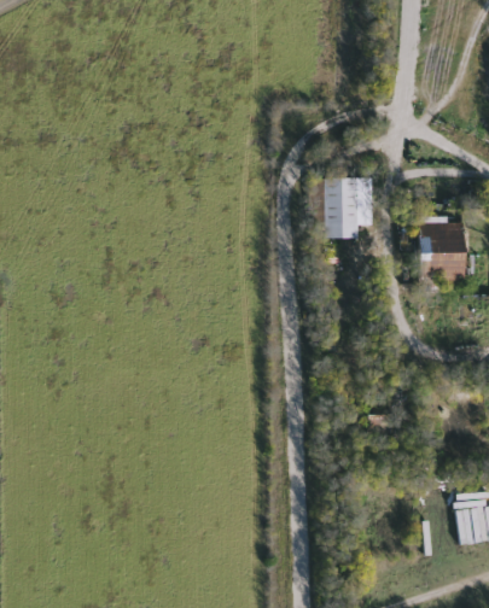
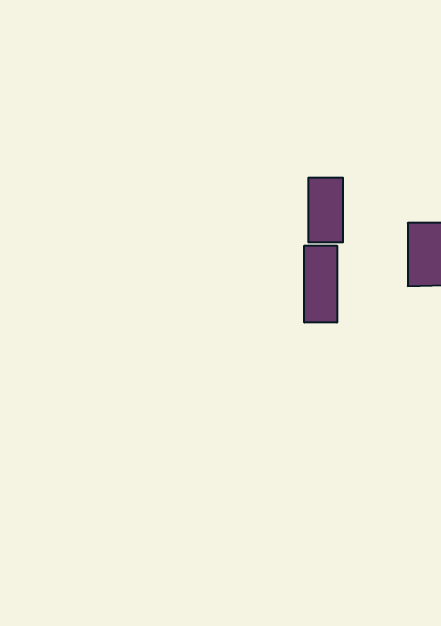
building: none -> [304,246,337,323]

